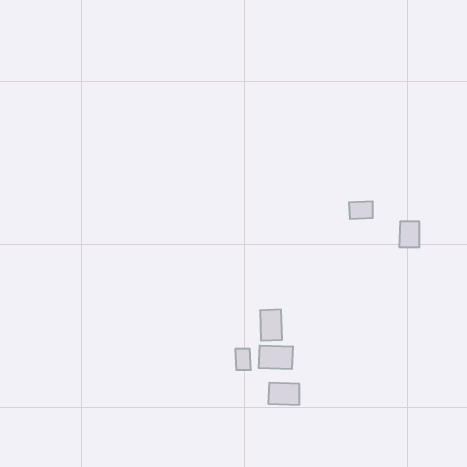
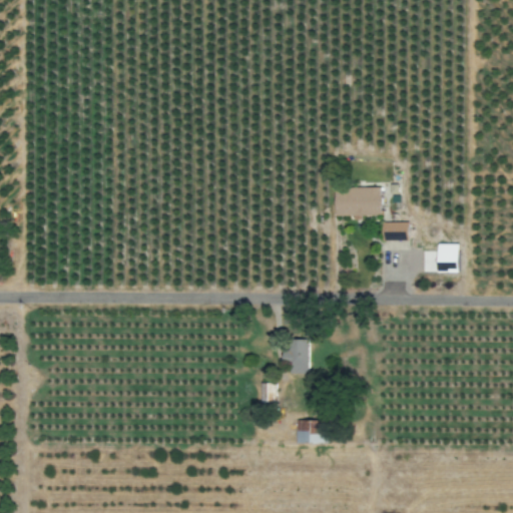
building: none -> [335,186,382,216]
building: [259,345,293,369] -> none

